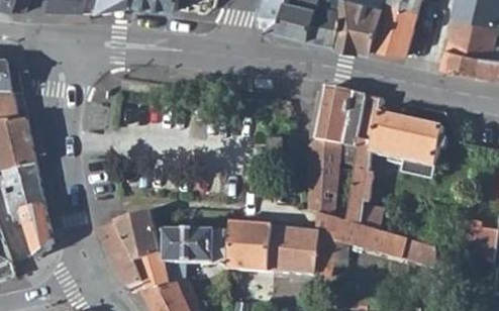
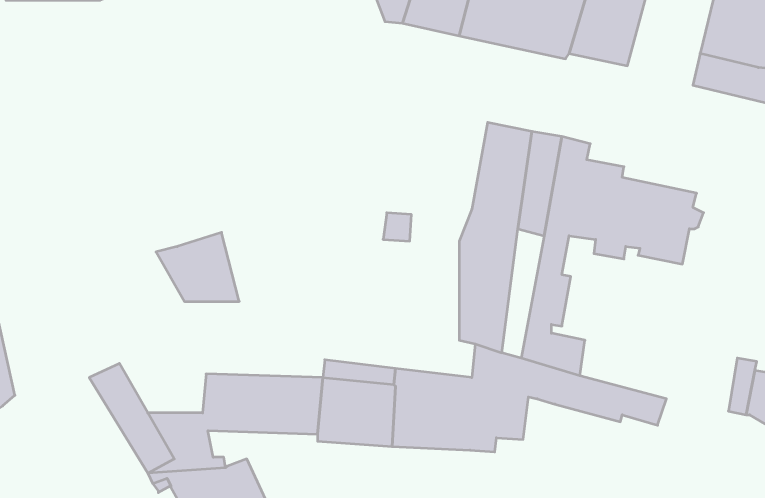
building: [113,212,161,251] -> [156,232,239,301]

